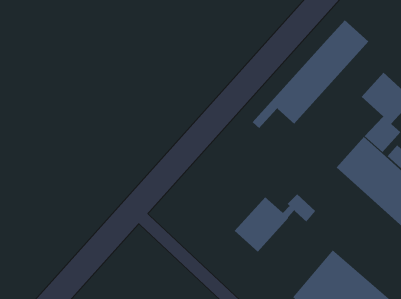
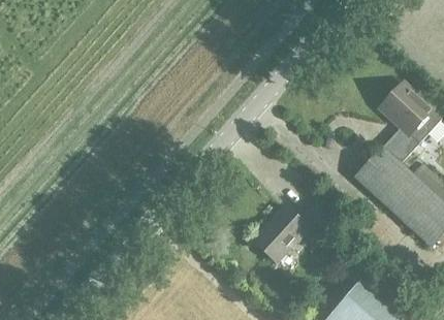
building: [252,20,369,129] -> none

